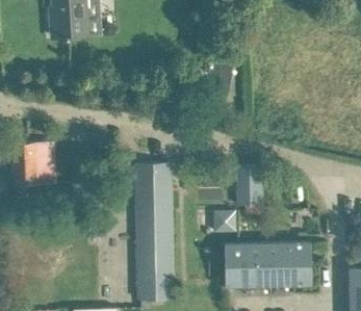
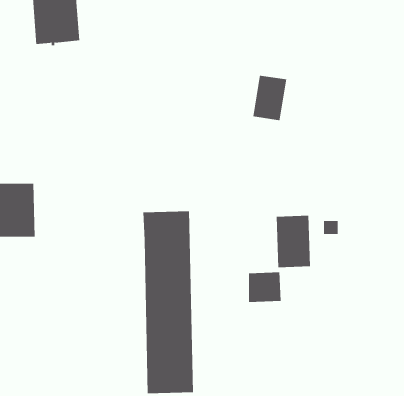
building: [225,242,312,286] -> none

